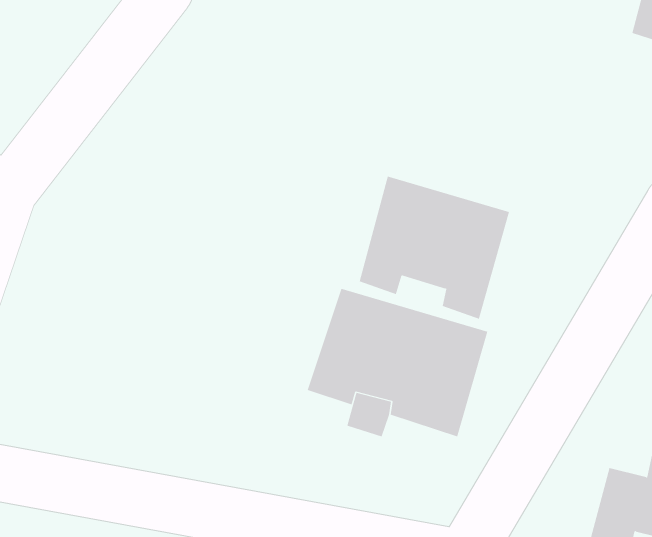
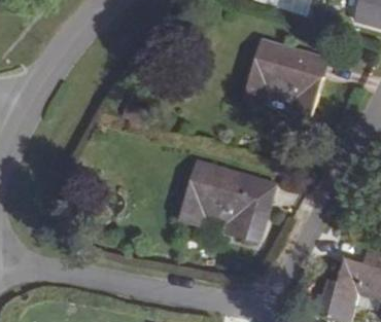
building: [359,176,510,319] -> [244,39,326,117]

